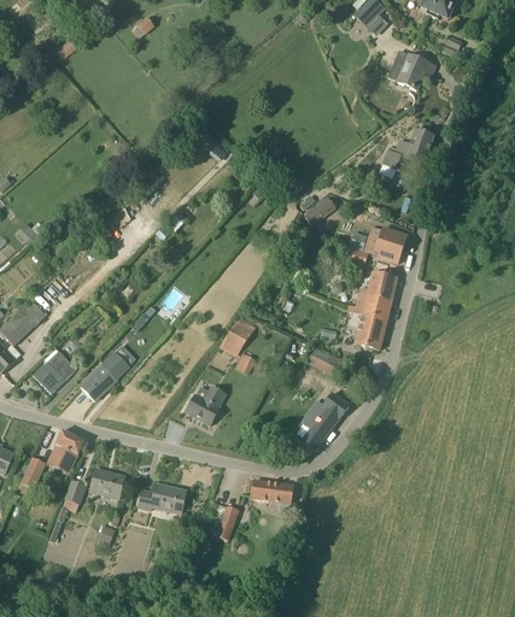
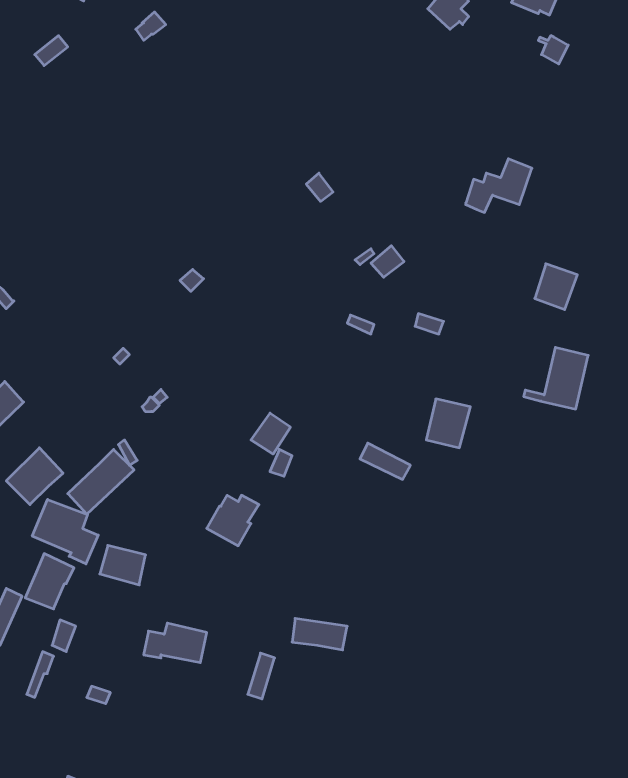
building: [394,49,434,89] -> none
building: [374,228,406,263] -> [535,264,577,310]
building: [347,271,397,318] -> [524,347,588,409]
building: none -> [32,499,98,564]
building: [288,394,349,457] -> none
building: [89,469,124,499] -> [100,545,146,585]

